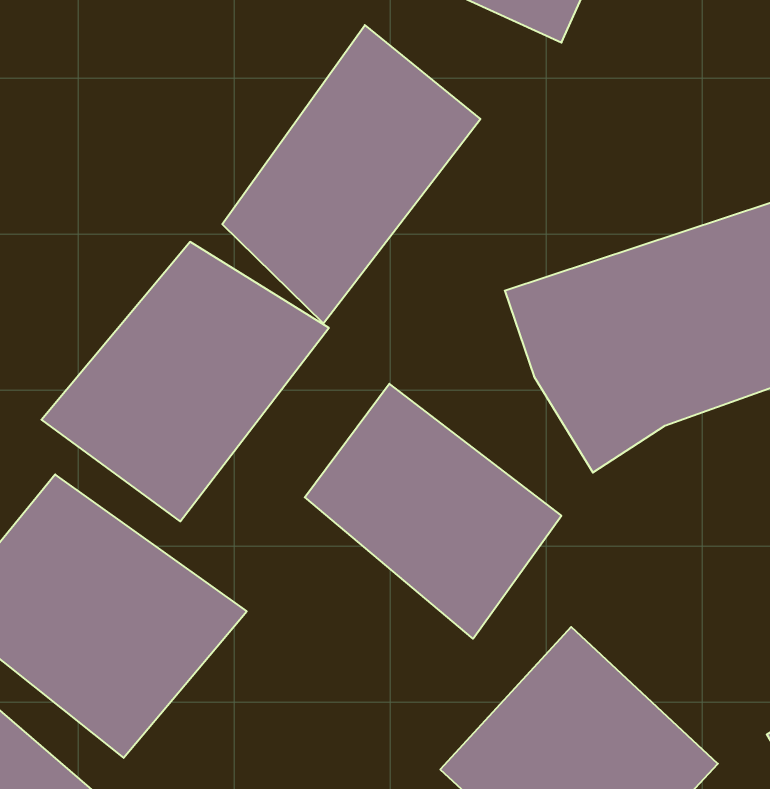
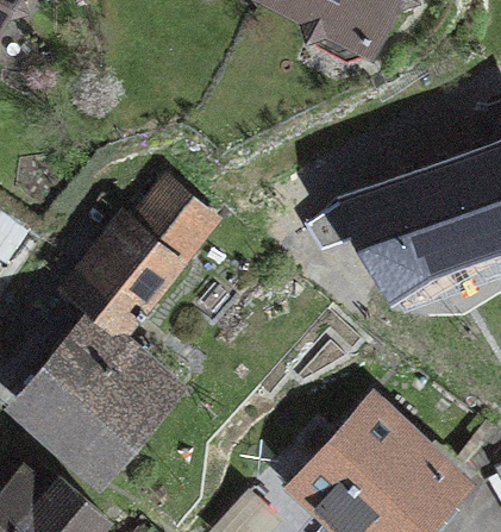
building: [222,25,480,324] -> none
building: [305,384,561,639] -> none

